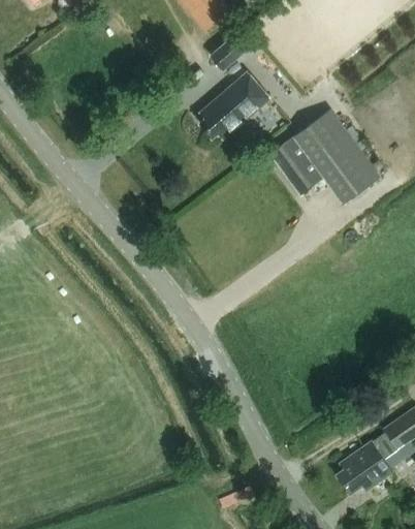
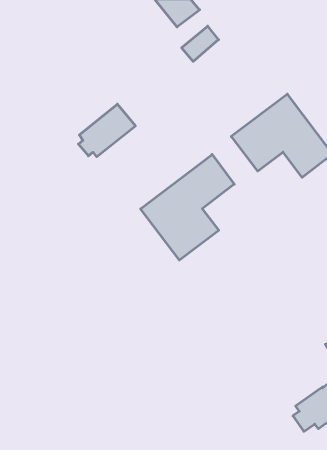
building: [202,75,267,135] -> [78,104,135,157]
building: none -> [141,154,234,260]

